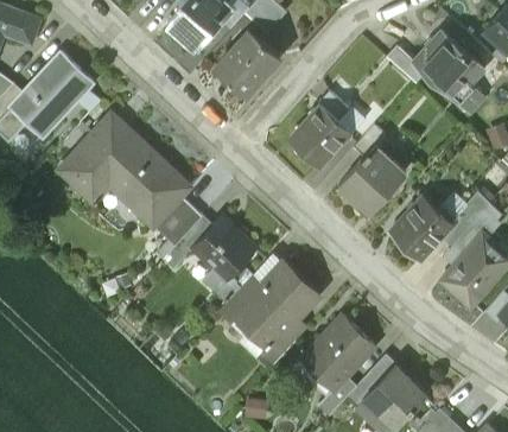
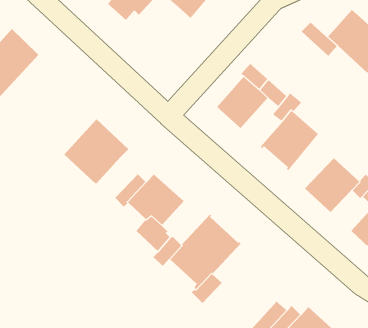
building: [212,30,278,96] -> none
building: [58,114,155,205] -> none
building: [155,198,202,246] -> none
building: [306,316,373,382] -> none

